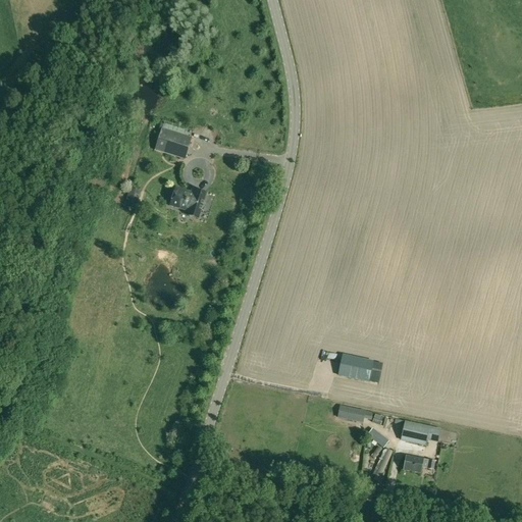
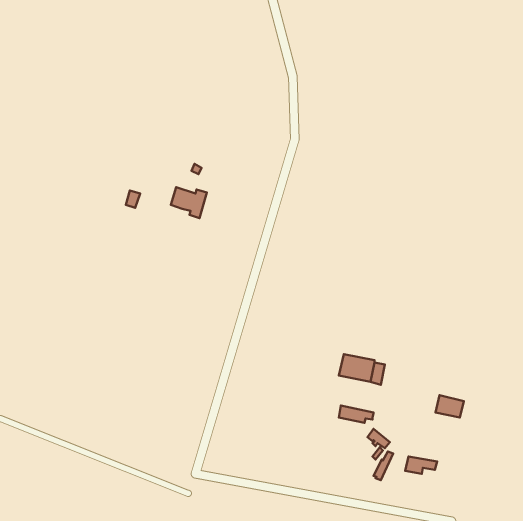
building: [155,127,192,158] -> none
building: [401,421,429,443] -> [435,395,464,418]

